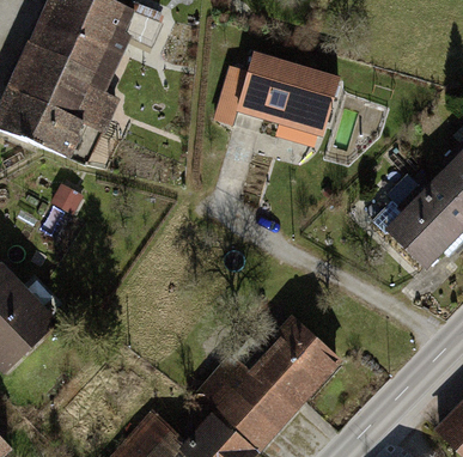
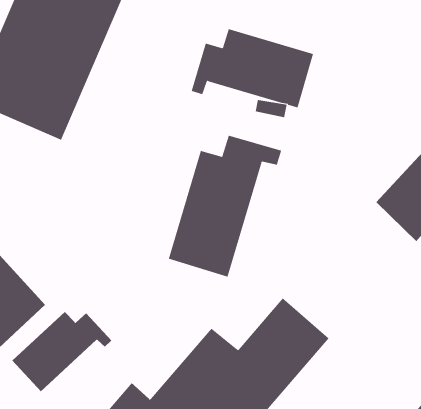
building: none -> [168,135,282,277]
building: none -> [12,311,112,392]

